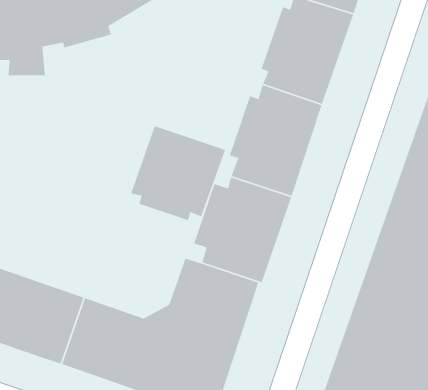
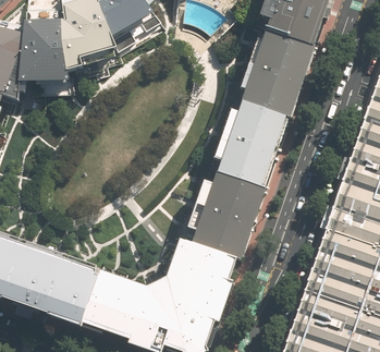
building: [130,125,226,221] -> none

